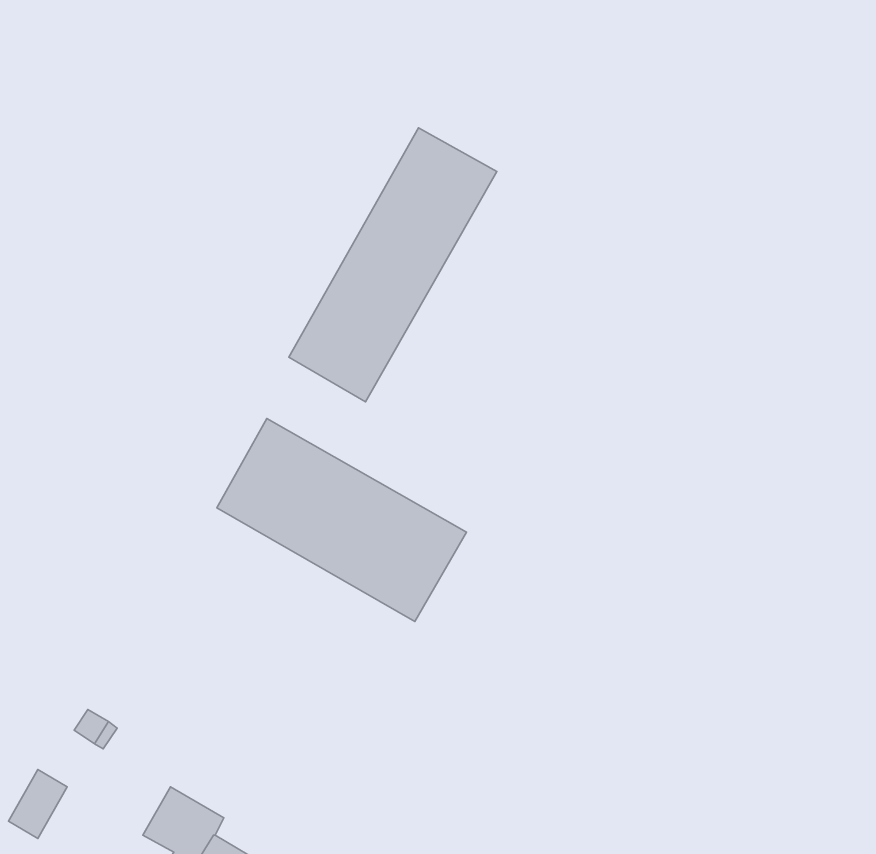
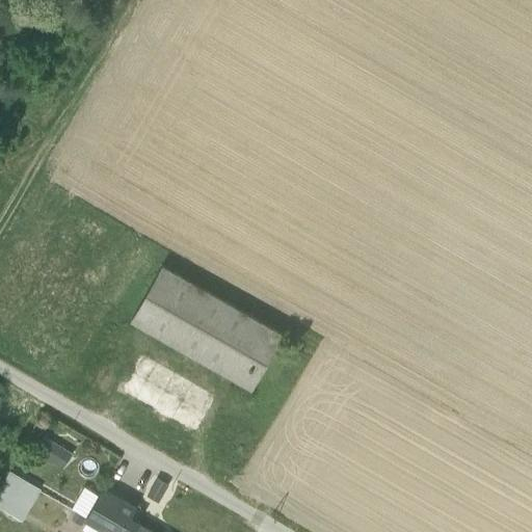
building: [289,128,497,402] -> none

